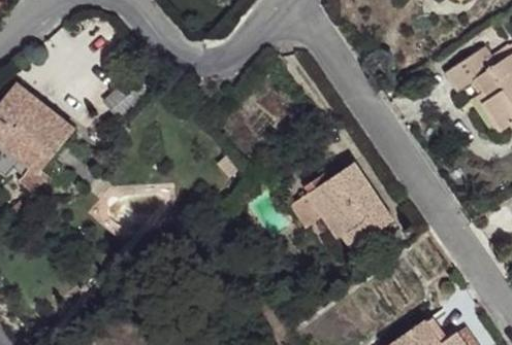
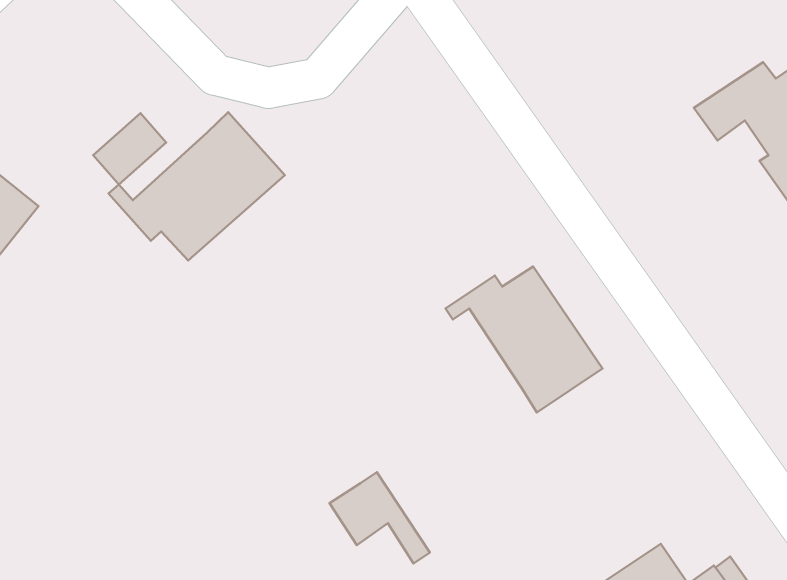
building: none -> [109,112,285,261]
building: [290,186,347,238] -> [329,472,430,563]

